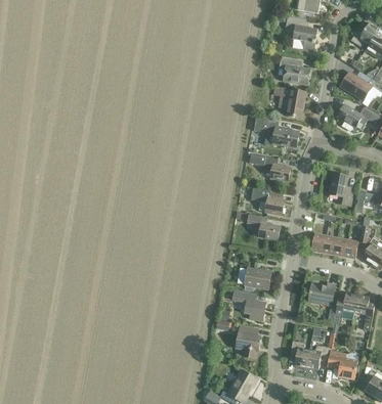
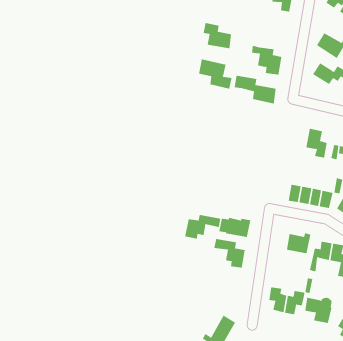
building: [279,56,309,84] -> [203,23,232,49]
building: none -> [198,59,232,89]
building: [262,155,290,181] -> none
building: [261,189,284,214] -> none
building: [247,214,280,239] -> none
building: none -> [185,214,221,240]
building: [236,325,260,358] -> none

